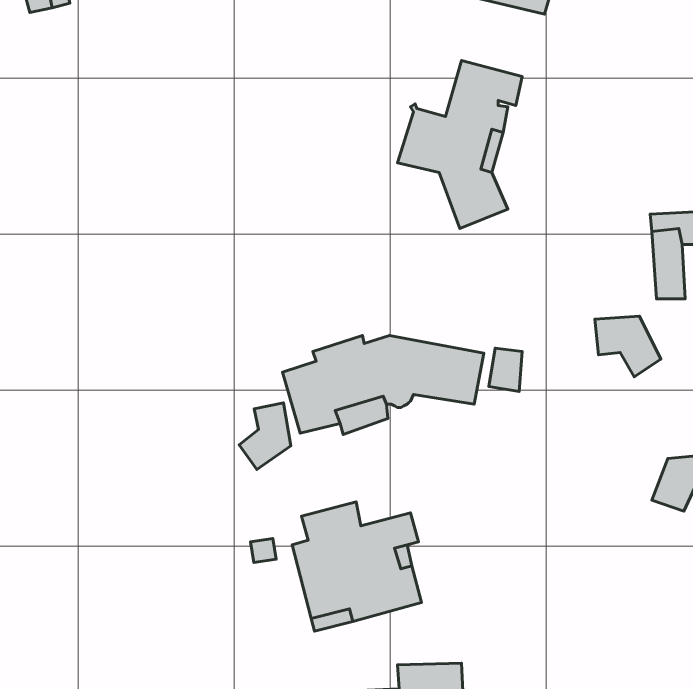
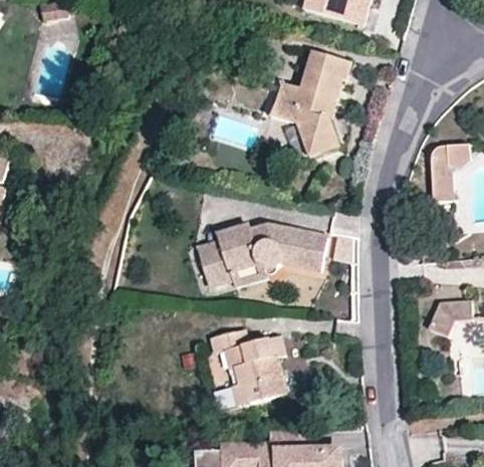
building: [595,316,661,377] -> none
building: [239,403,291,469] -> none

